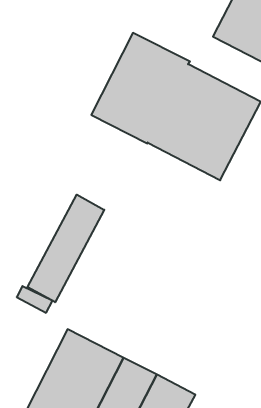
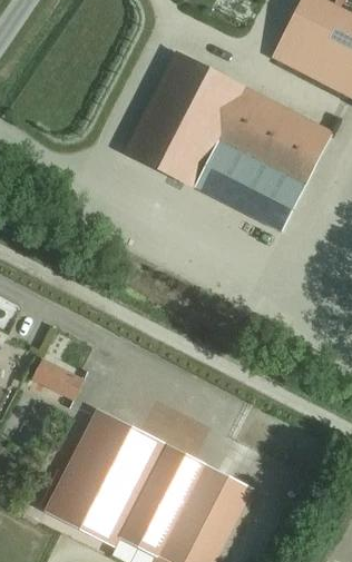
building: [28,195,104,302] -> none

